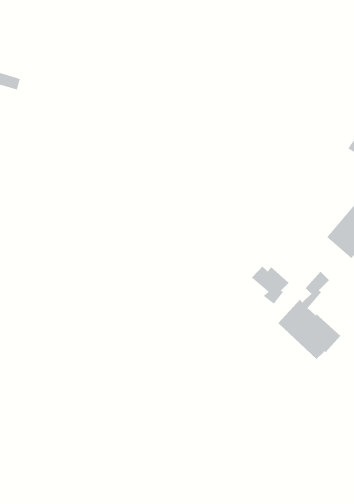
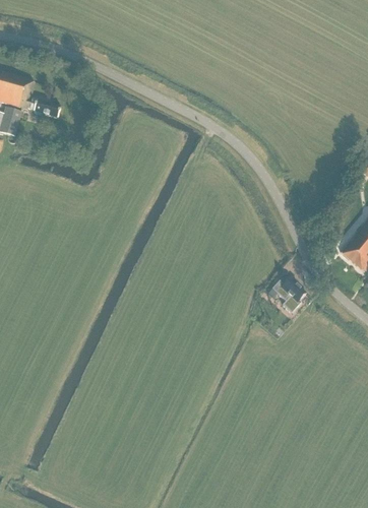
building: [278,271,341,360] -> none

